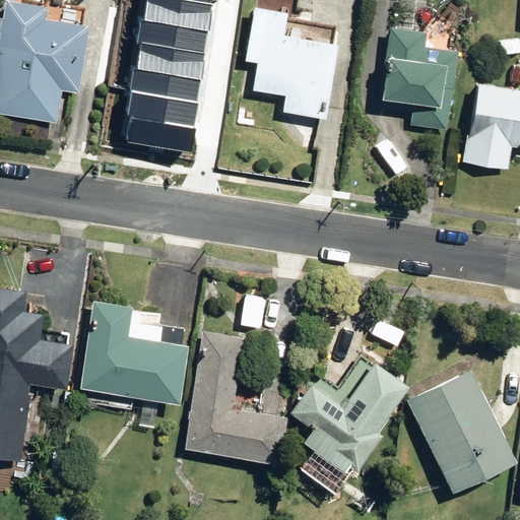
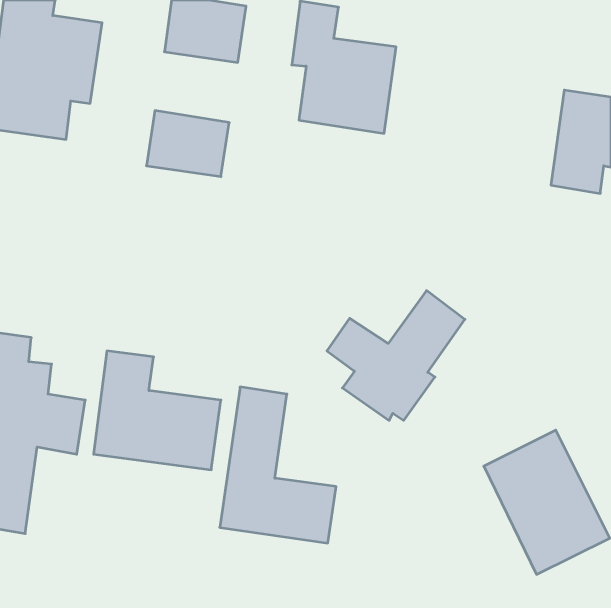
building: [379,26,456,131] -> none
building: [131,49,201,109] -> none
building: [291,361,408,470] -> [327,291,465,420]

